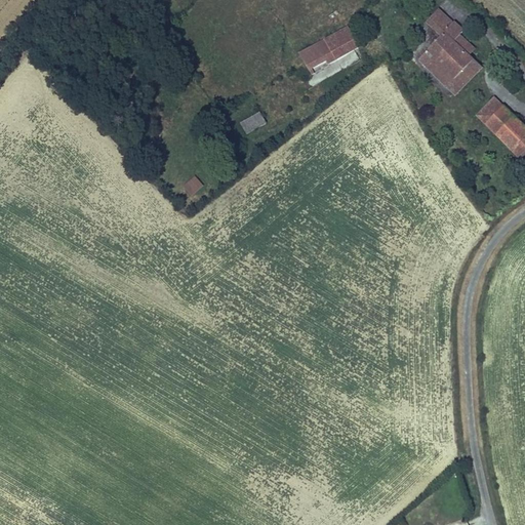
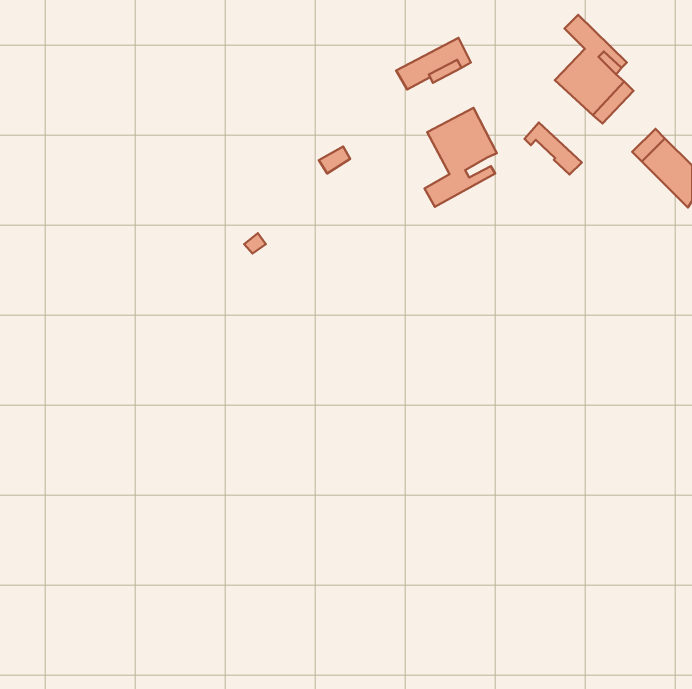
building: none -> [424,108,497,207]
building: none -> [524,123,582,175]

